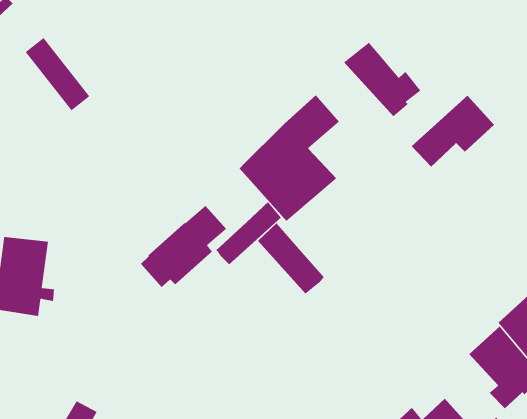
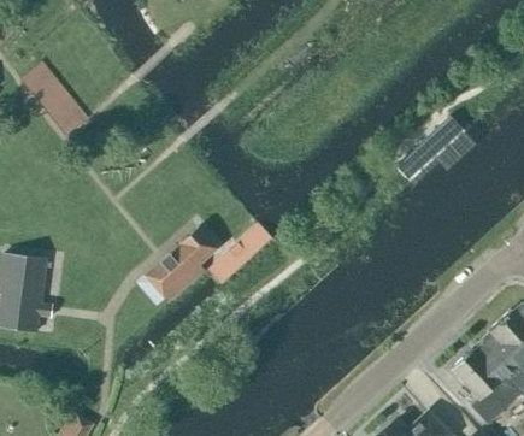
building: [343,42,421,117] -> none
building: [238,94,340,222] -> none
building: [257,222,325,295] -> none

